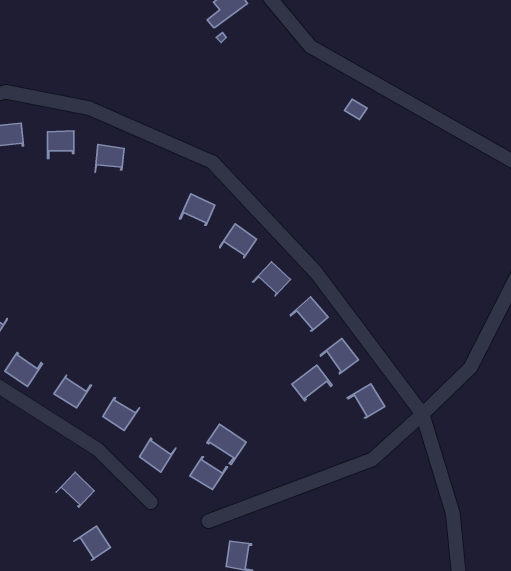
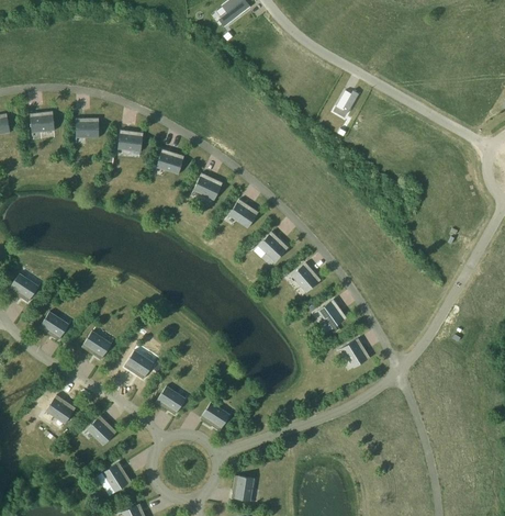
building: none -> [155,148,184,175]
building: [292,365,332,401] -> none
building: [207,424,246,465] -> none
building: none -> [43,394,76,424]

